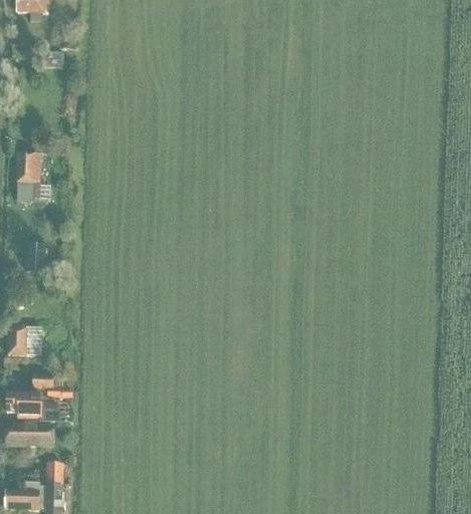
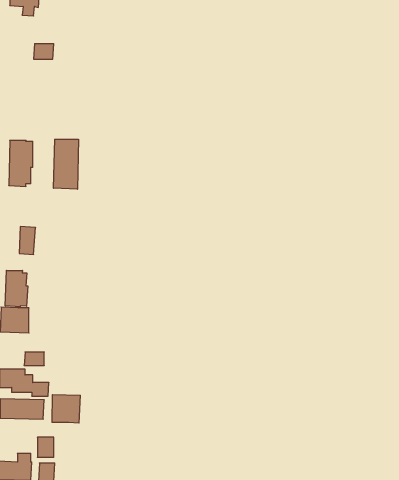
building: none -> [54,139,78,189]
building: none -> [5,270,28,307]
building: none -> [52,395,80,423]

